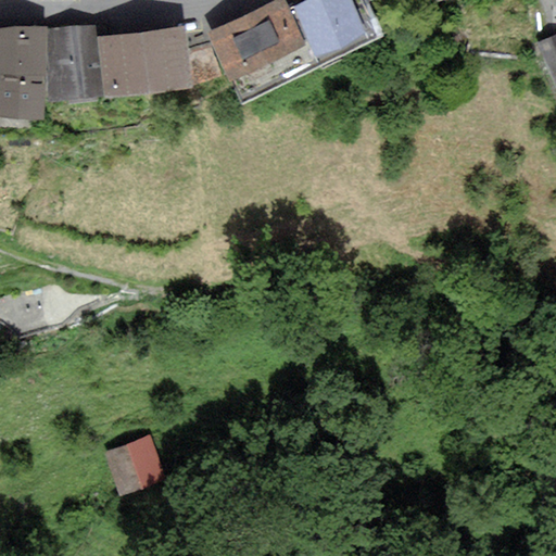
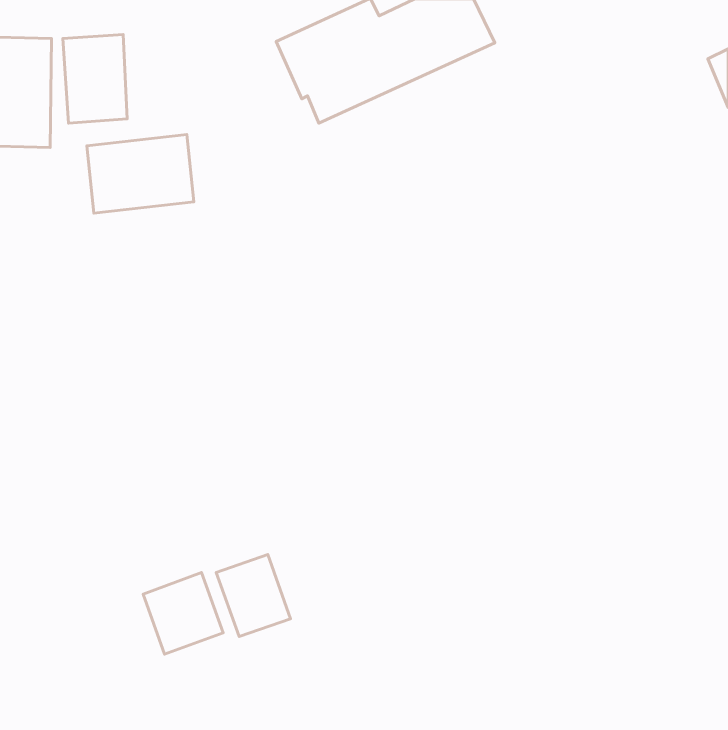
building: [104,28,186,88] -> [87,134,194,213]
building: none -> [216,555,291,637]

